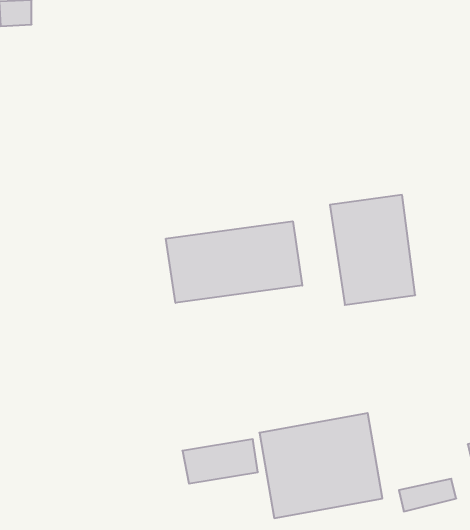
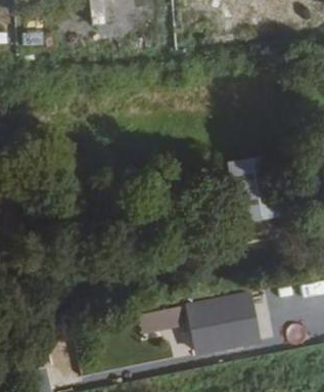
building: [166,221,302,303] -> none

